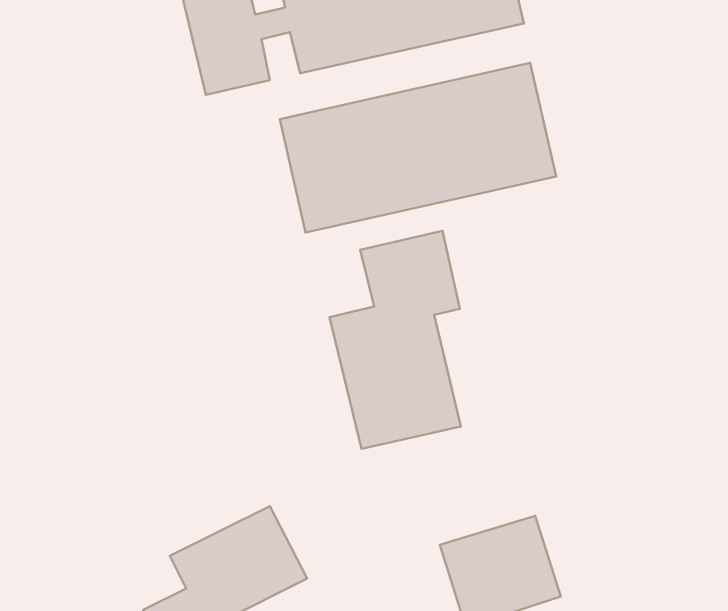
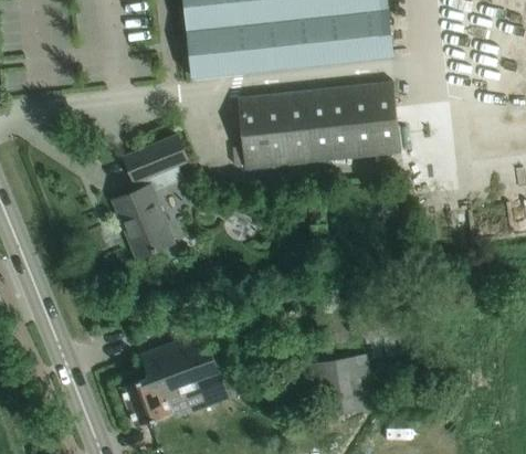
building: none -> [113,135,188,256]
building: [329,231,461,449] -> none

